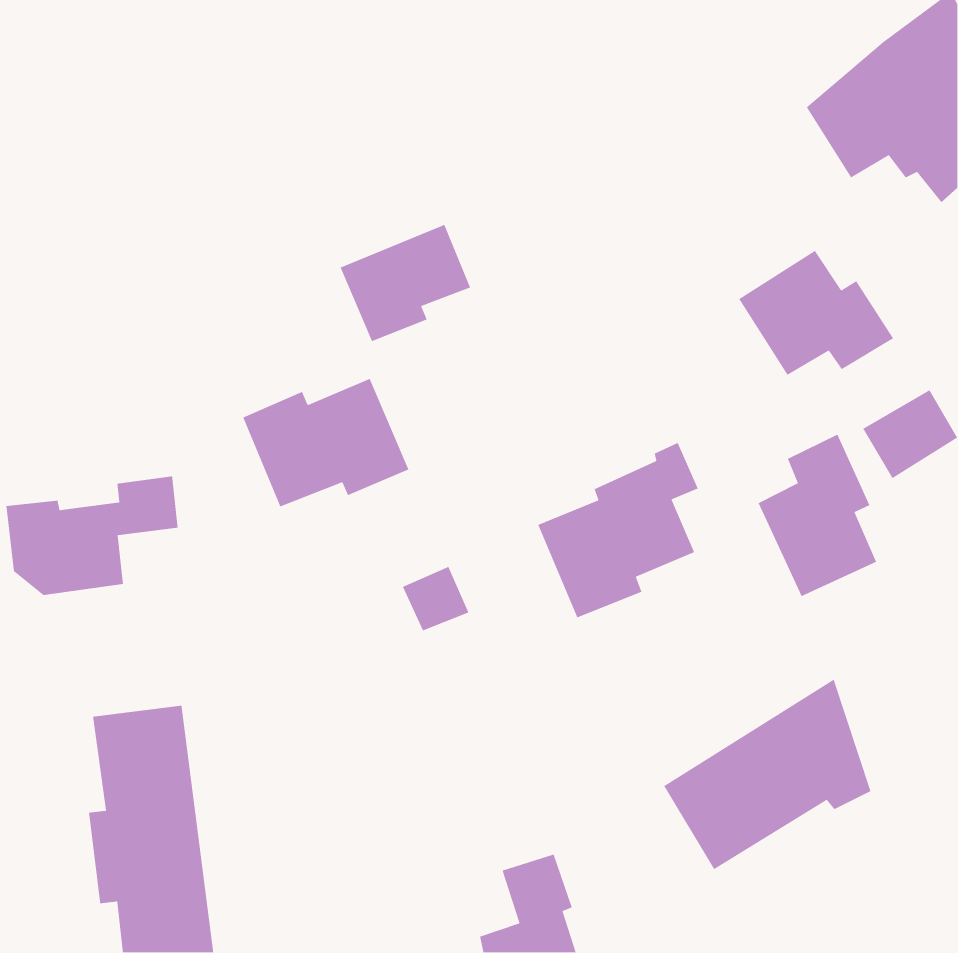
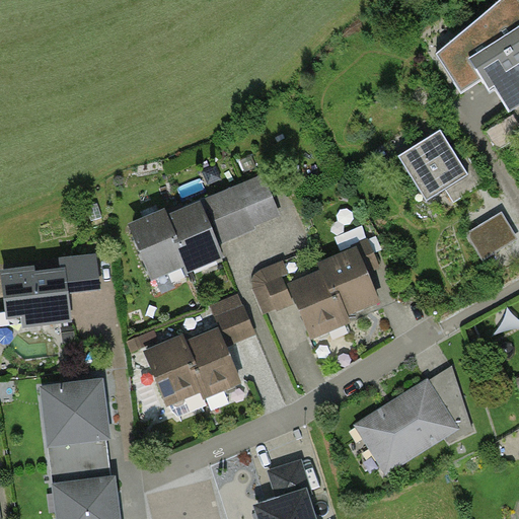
building: [340,224,471,342] -> [206,174,277,238]
building: [758,434,877,597] -> none
building: none -> [252,260,291,312]
building: none -> [147,330,237,414]

